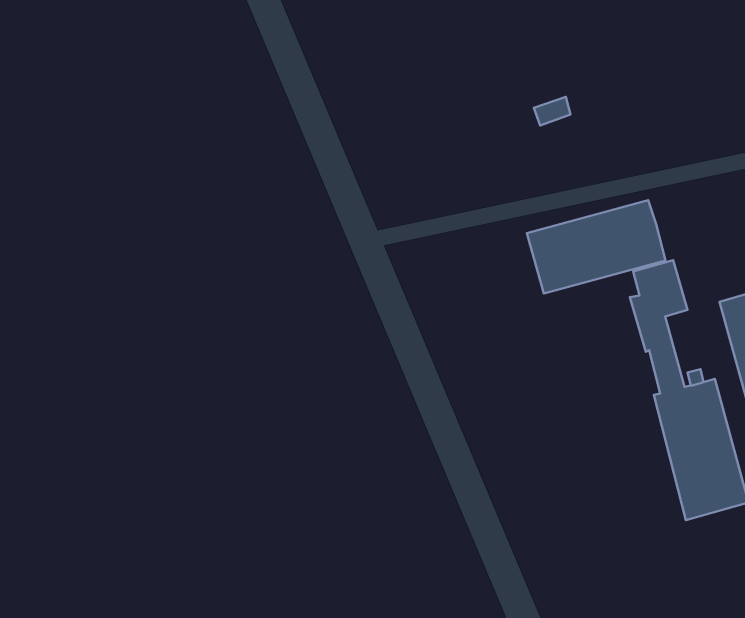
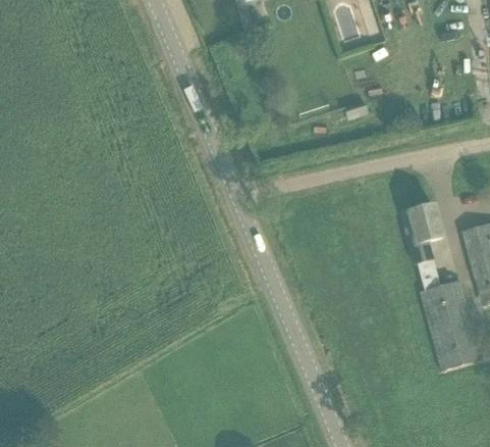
building: [527,200,665,294] -> none

